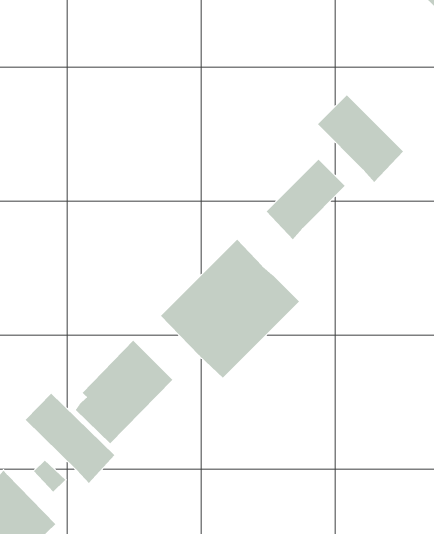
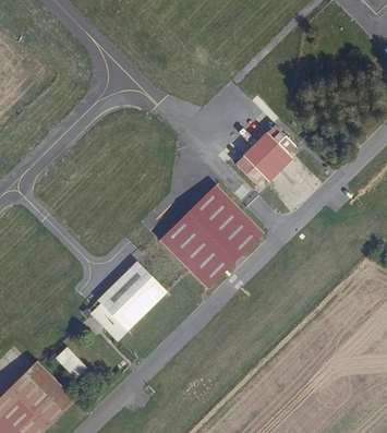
building: [317,94,404,183] -> none
building: [25,393,115,484] -> none

